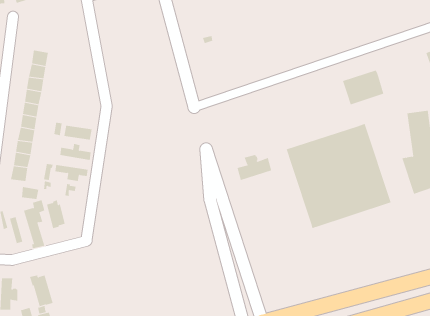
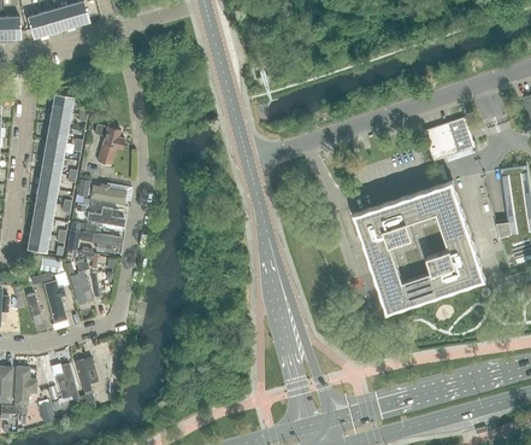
building: none -> [94,124,124,165]
building: [237,154,272,181] -> none
building: none -> [75,358,99,396]

